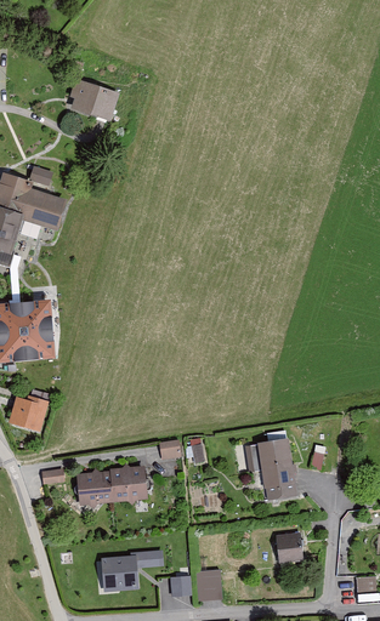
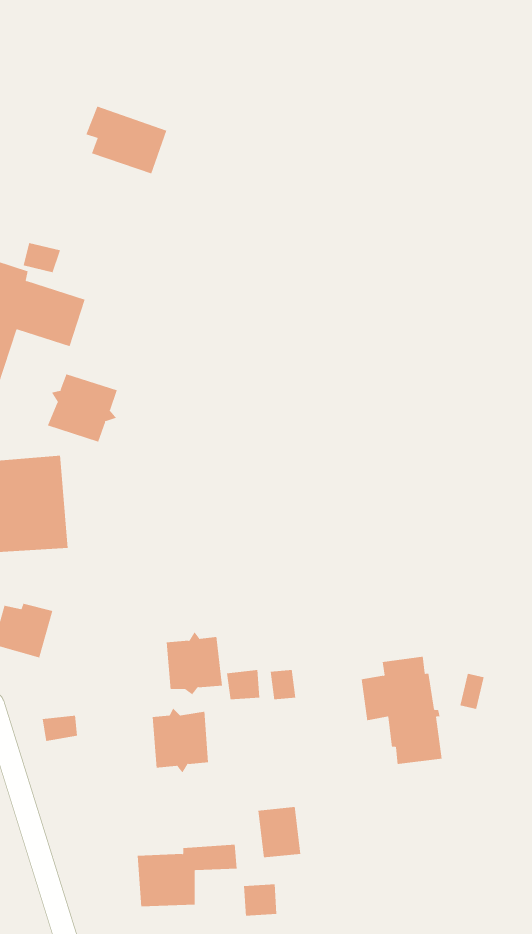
building: none -> [47,373,117,442]
building: [76,467,113,508] -> [166,631,223,695]
building: [276,531,304,563] -> none
building: [194,569,222,602] -> [257,807,301,858]

